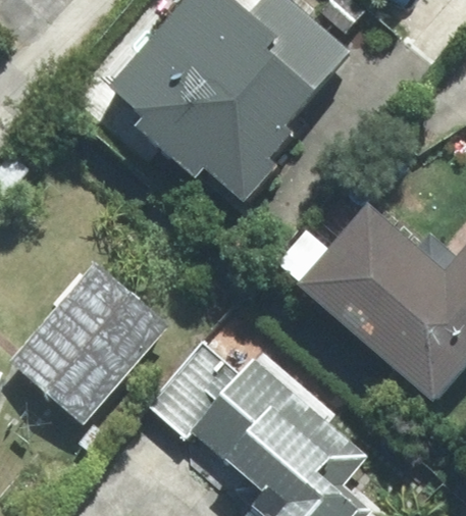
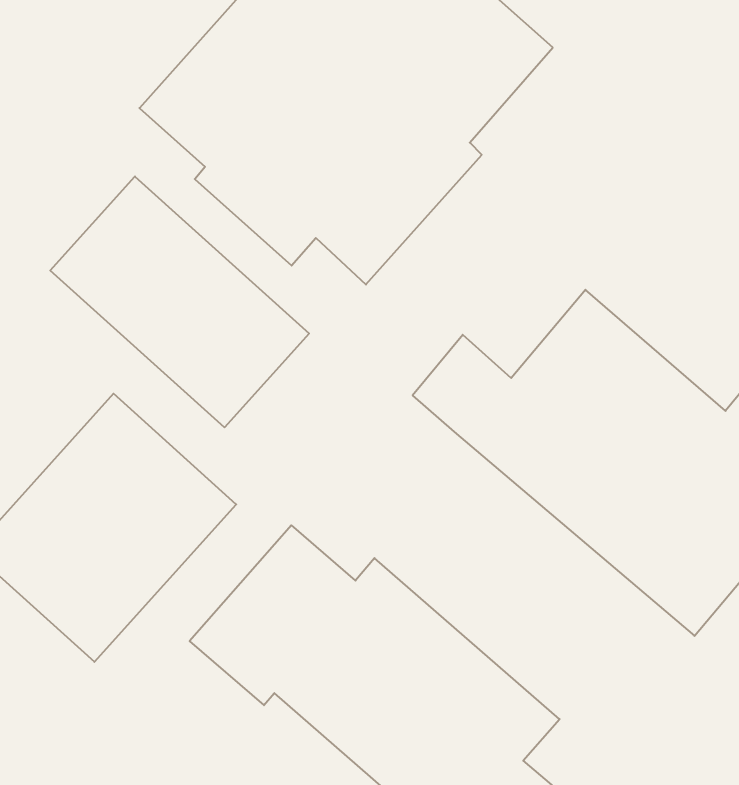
building: none -> [50,176,309,427]

